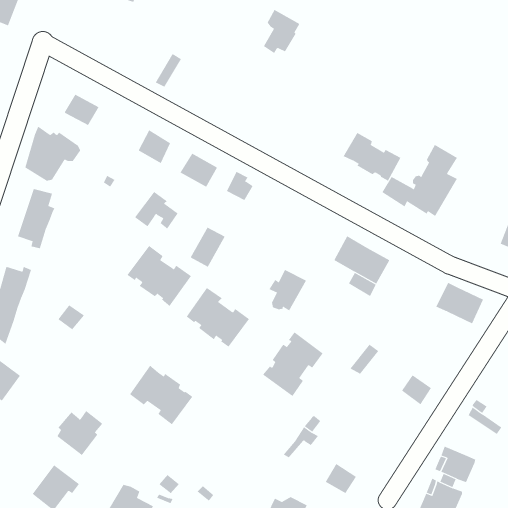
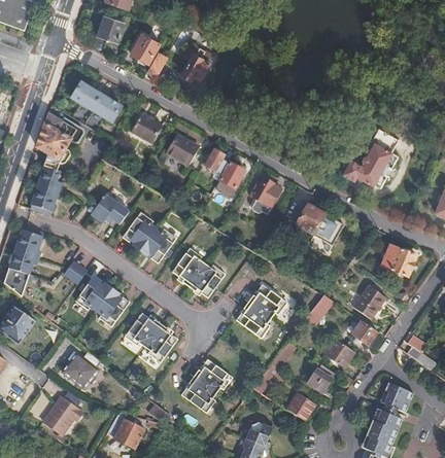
building: [263,9,300,53] -> [182,43,213,80]
building: none -> [98,17,124,42]
building: none -> [132,33,160,63]
building: none -> [90,97,118,125]
building: [343,132,401,182] -> none
building: [134,191,178,229] -> [91,192,128,224]
building: [190,227,226,267] -> [214,164,244,198]
building: [269,269,307,311] -> [248,179,280,214]
building: none -> [75,276,130,326]
building: none -> [352,281,388,320]
building: none -> [324,339,354,367]
building: none -> [180,358,232,413]
building: none -> [308,364,334,392]

